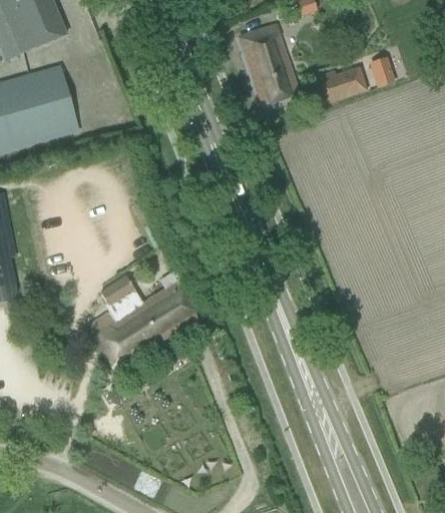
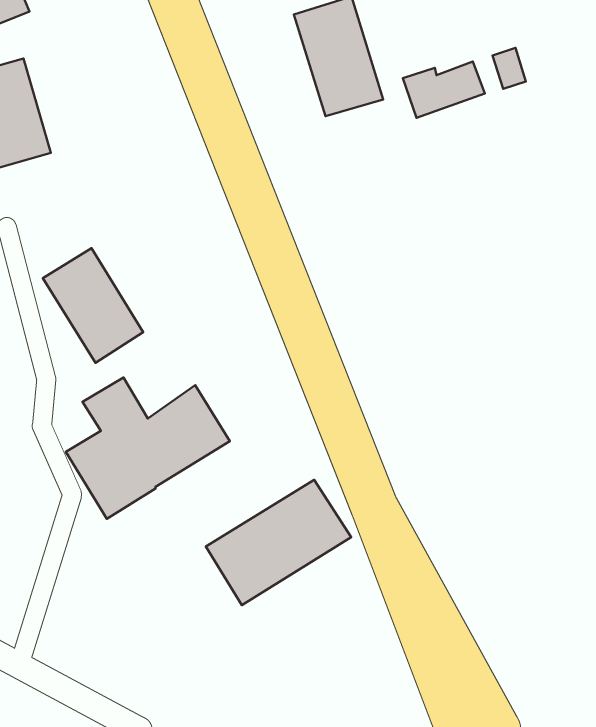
building: none -> [43,248,143,363]
building: none -> [206,480,351,605]

